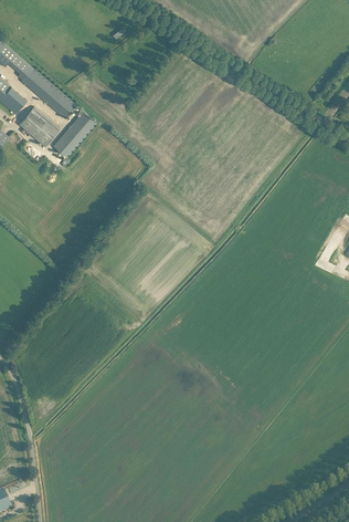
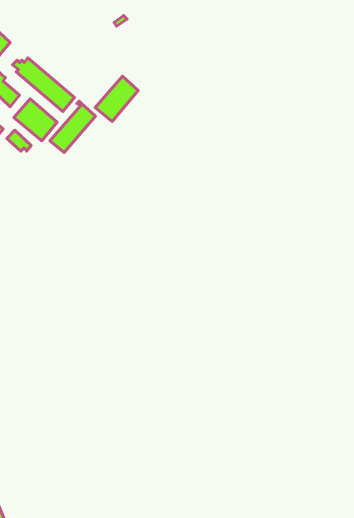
building: none -> [95,76,138,121]

